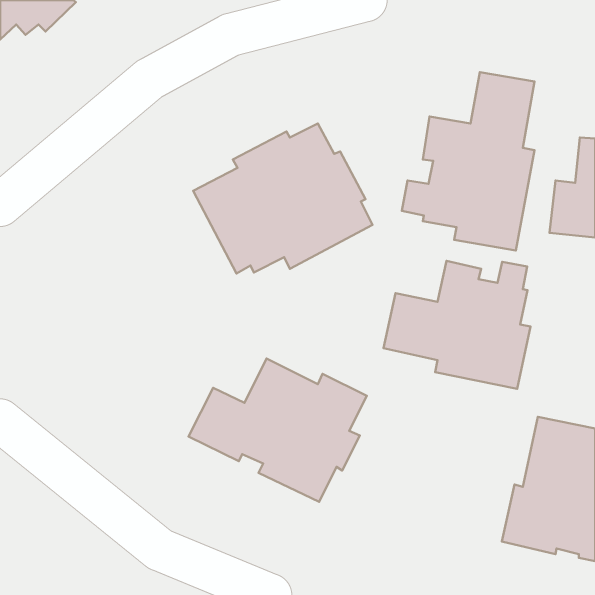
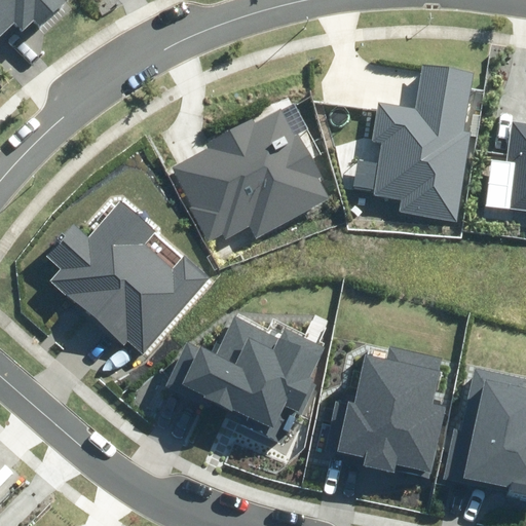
building: none -> [47,199,210,354]
building: [383,261,531,389] -> none
building: none -> [327,347,447,478]

